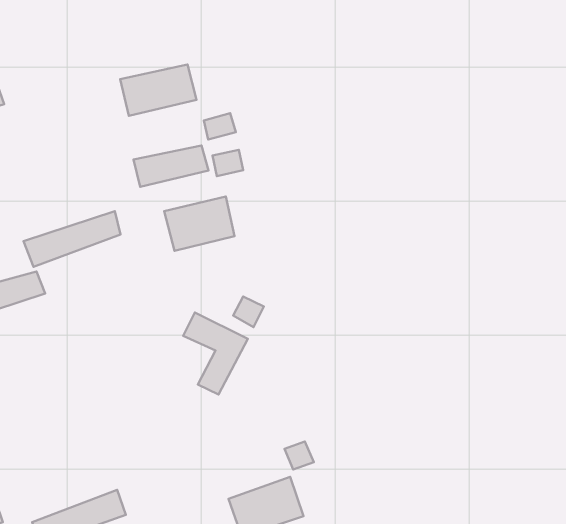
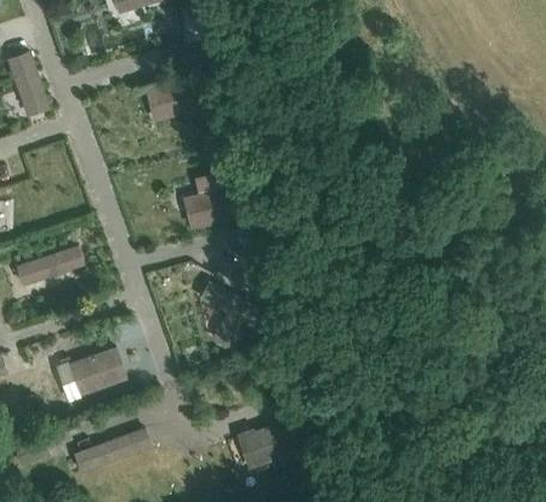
building: [134,145,208,187] -> none
building: [23,211,121,267] -> none
building: none -> [68,347,126,397]

